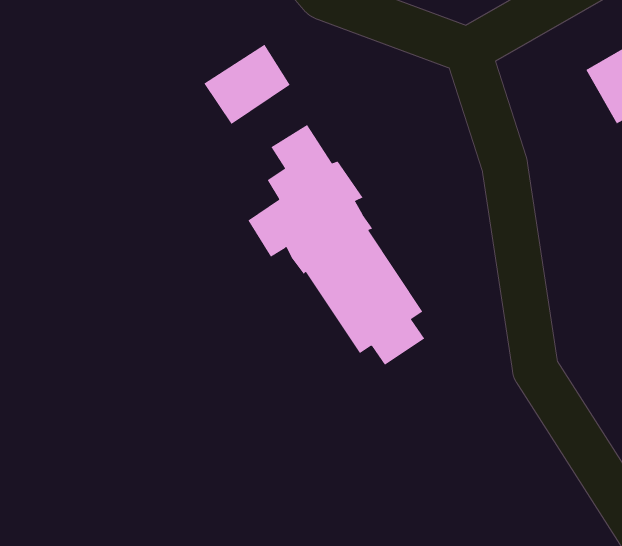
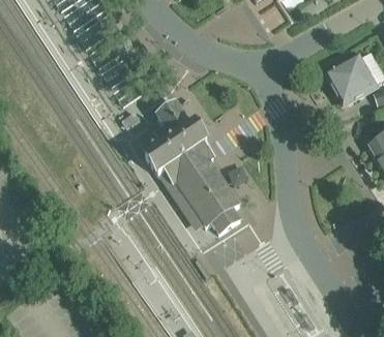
building: [204,44,291,125] -> none

